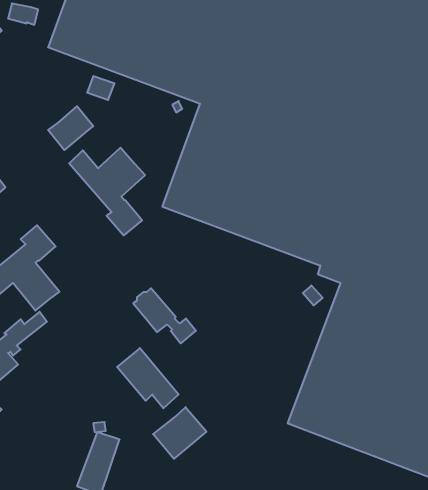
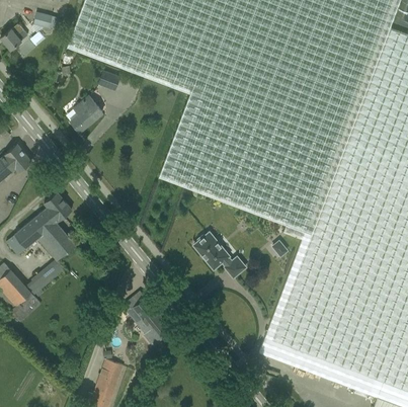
building: [69,148,145,235] -> none
building: [133,288,196,343] -> [195,232,246,276]
building: [153,407,206,459] -> none

